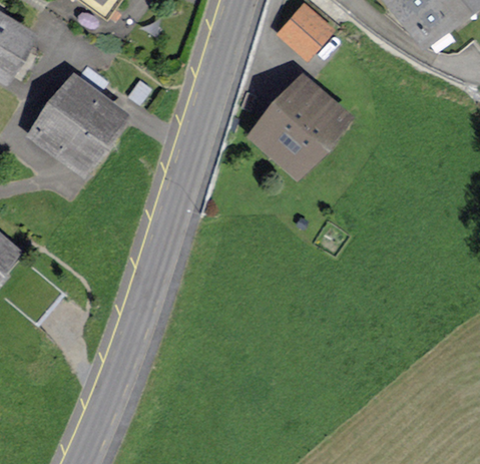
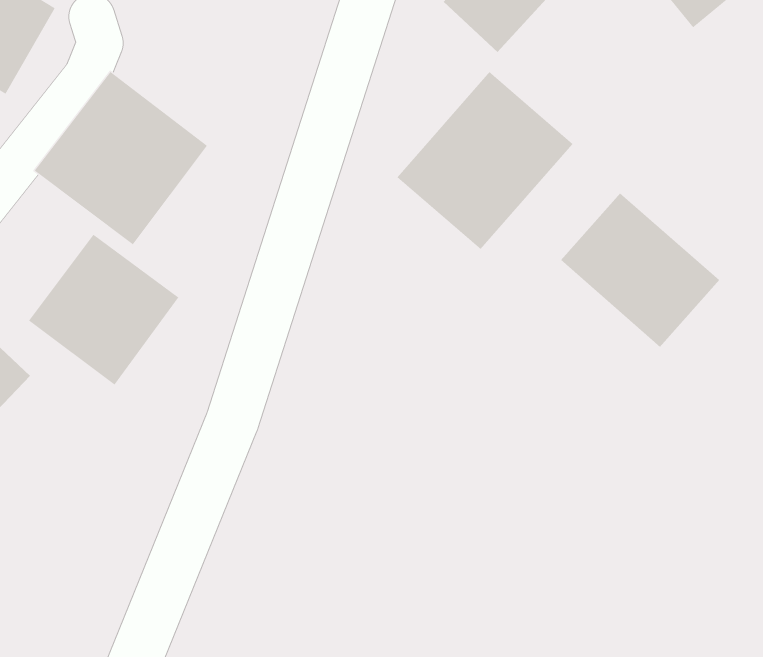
building: none -> [560,193,720,348]
building: none -> [28,234,179,385]

